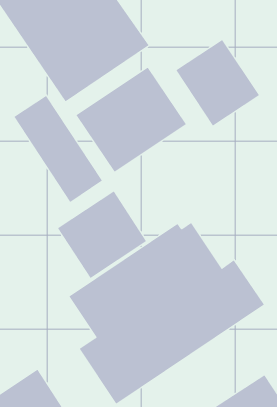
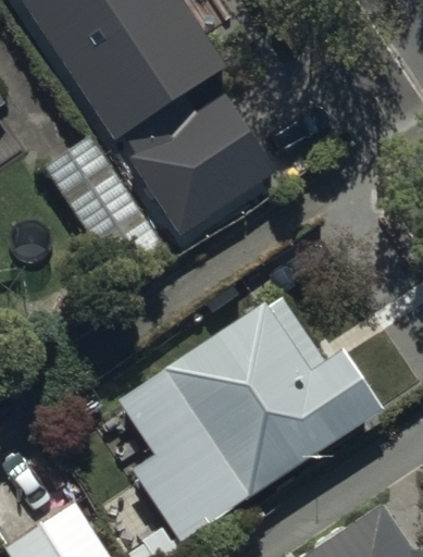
building: [175,39,260,126] -> none
building: [57,191,147,279] -> none

